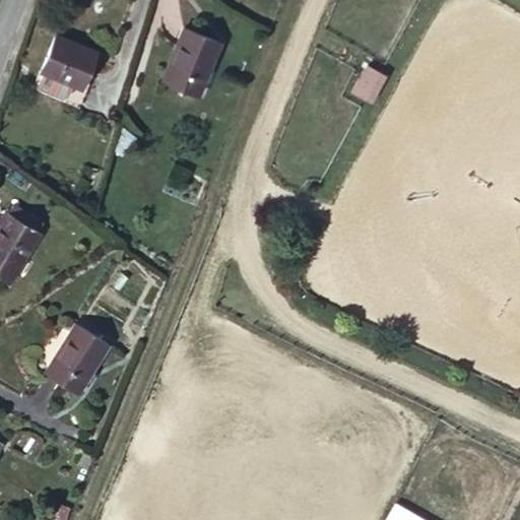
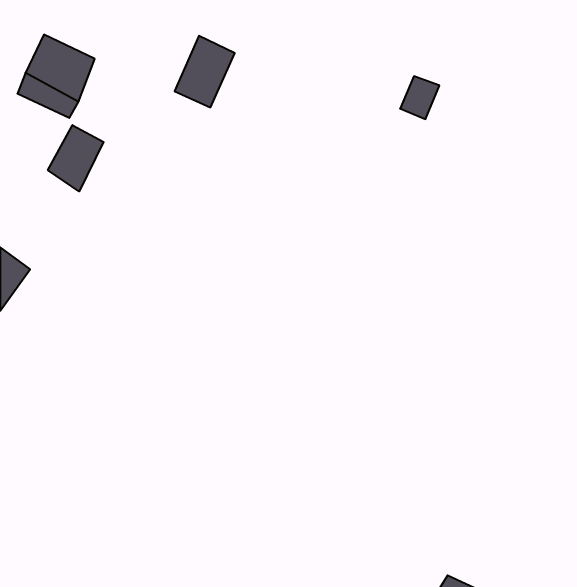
building: none -> [48,125,104,191]
building: [48,324,108,390] -> none

